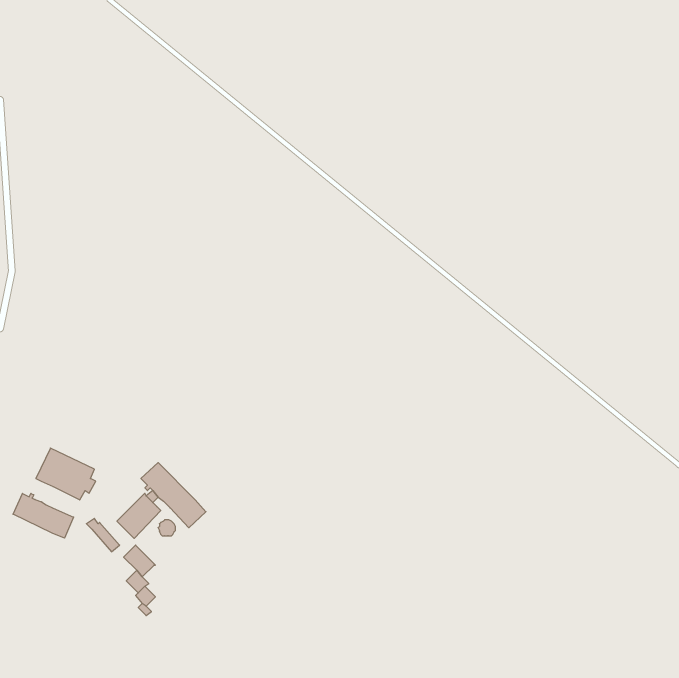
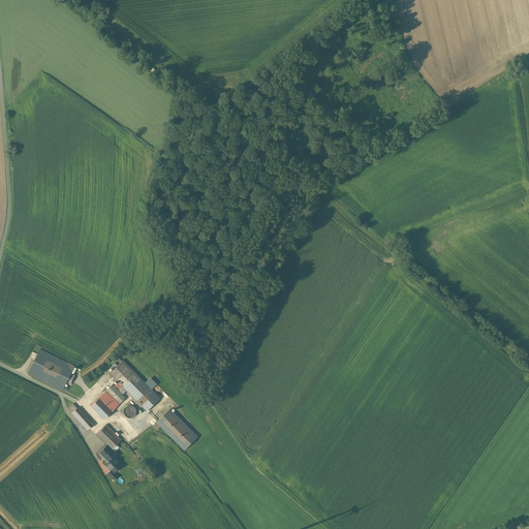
building: [13,493,74,538] -> none
building: none -> [153,408,197,448]

